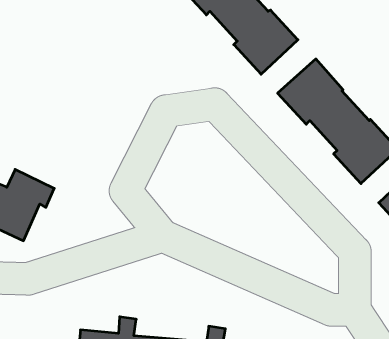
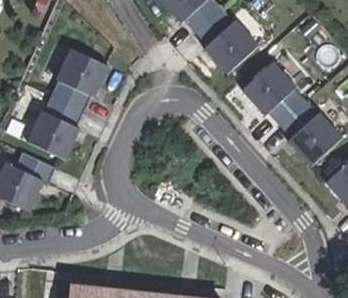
building: none -> [26,48,108,160]

